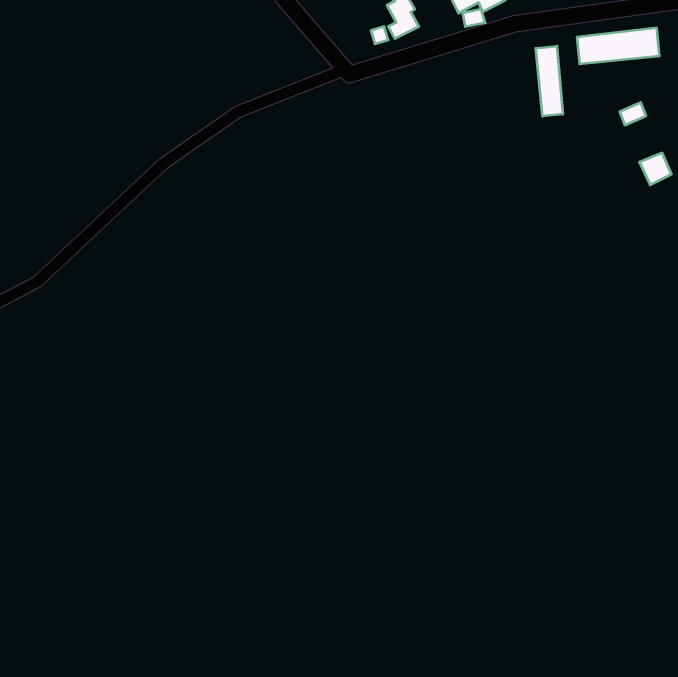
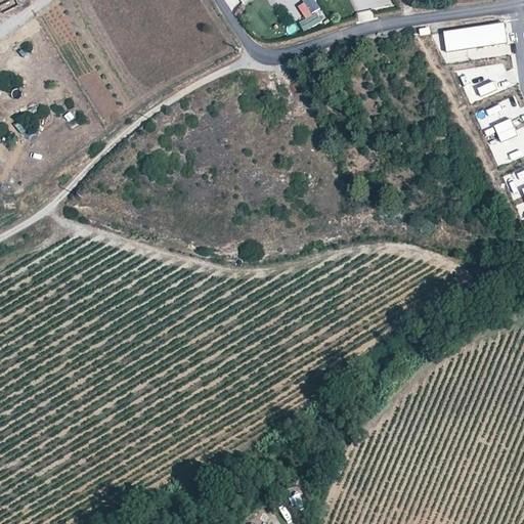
building: [536,46,563,116] -> none

